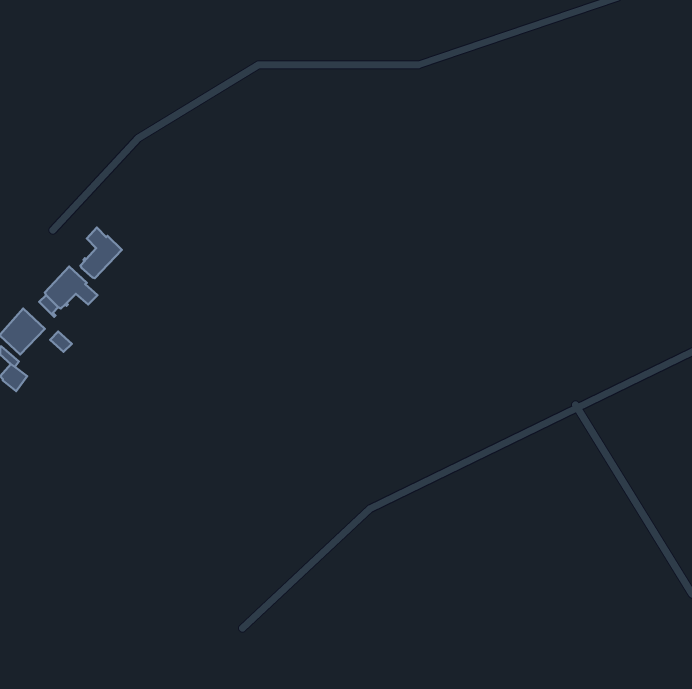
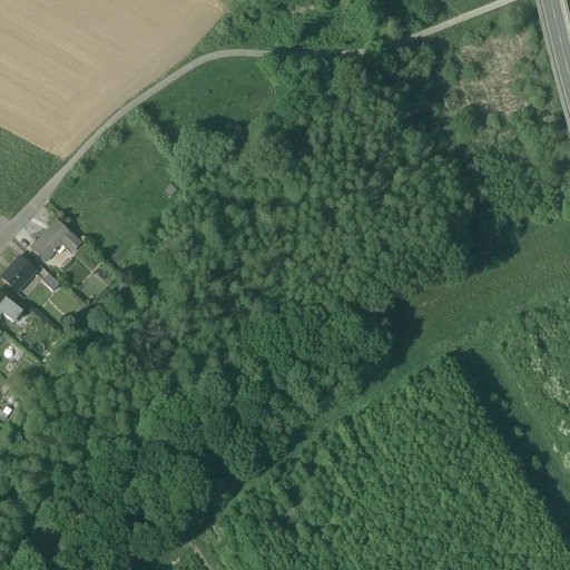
building: [80,228,122,278] -> none

